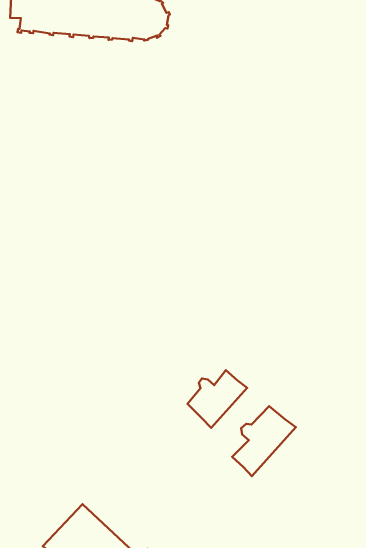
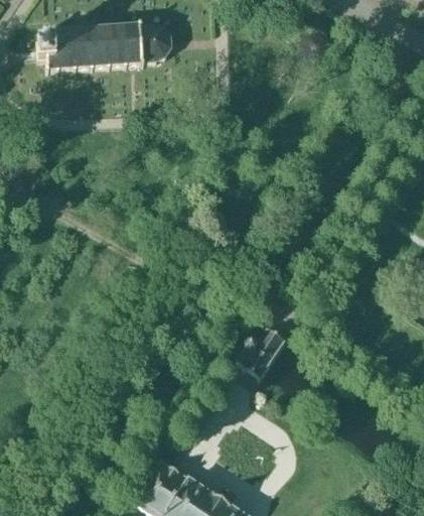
building: [232,406,296,476] -> none

